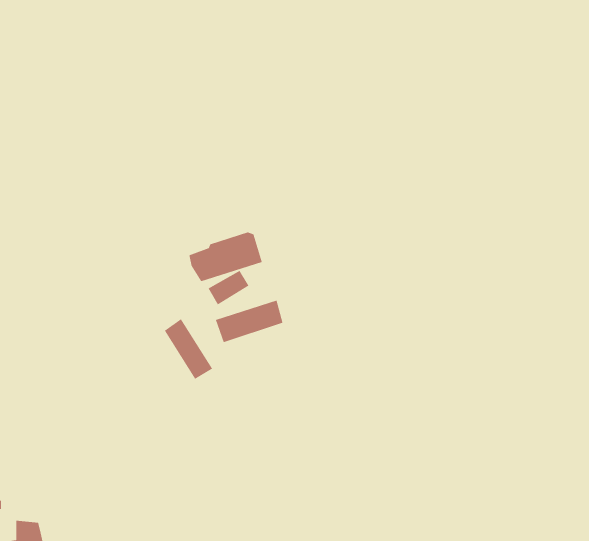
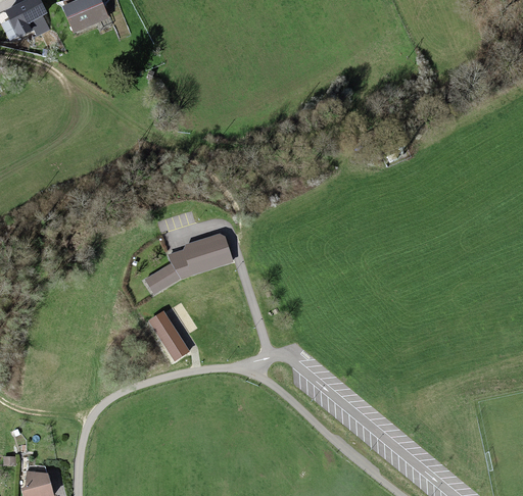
building: [208,270,250,306] -> [145,264,180,294]
building: [215,299,284,343] -> none

